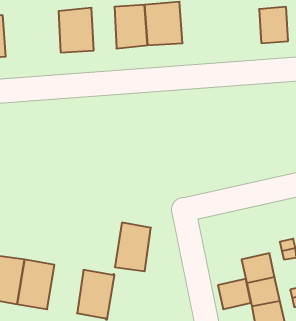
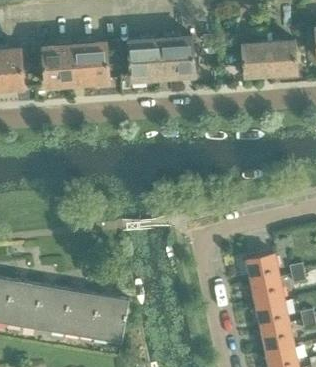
building: none -> [242,42,270,77]
building: none -> [42,44,76,86]
building: [115,223,151,271] -> [63,289,98,336]
building: [218,279,251,309] -> [246,255,278,284]

